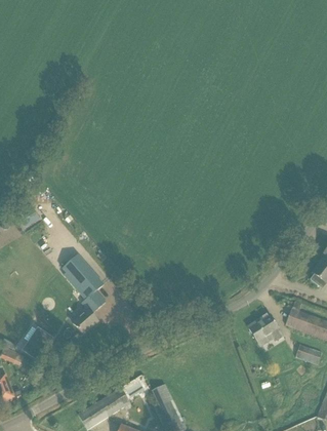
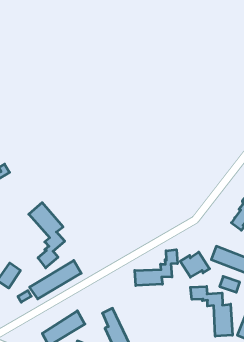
building: none -> [135,250,177,286]
building: none -> [30,260,81,299]
building: none -> [190,286,232,336]

